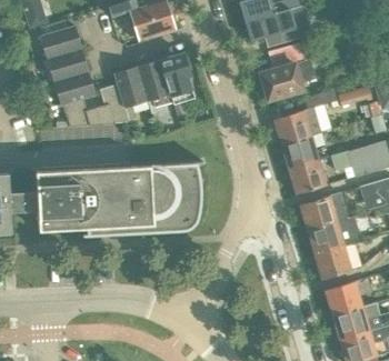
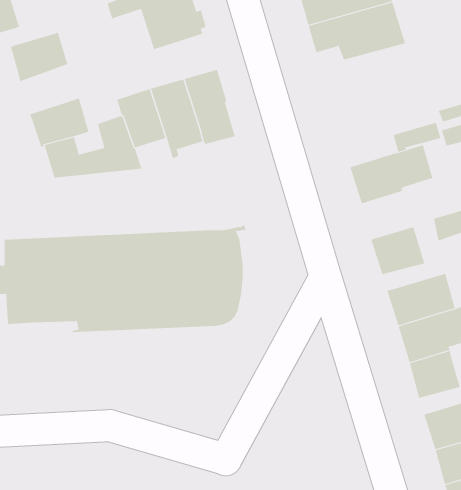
building: [261,38,319,100] -> none
building: [47,49,88,83] -> none
building: [282,137,319,170] -> none

